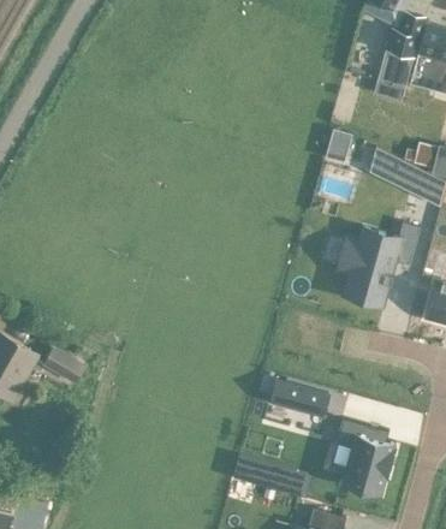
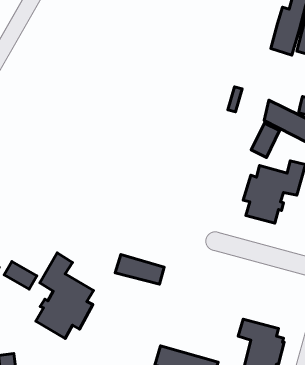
building: none -> [251,123,280,158]
building: none -> [36,253,94,338]
building: [268,380,329,417] -> [115,255,164,284]

